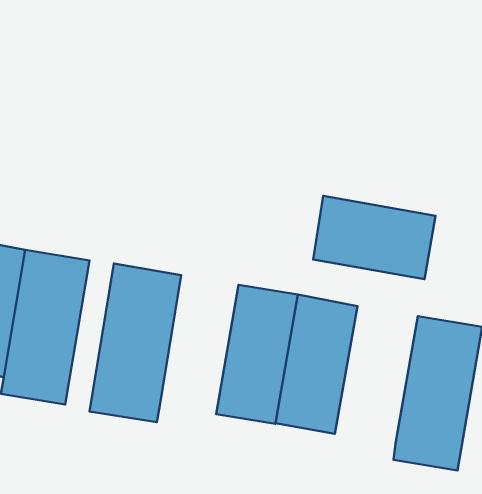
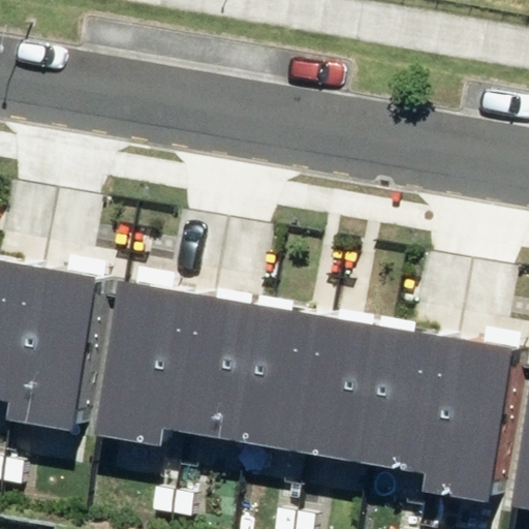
building: [313,196,435,279] -> none
building: none -> [169,292,253,440]
building: none -> [355,325,443,471]

